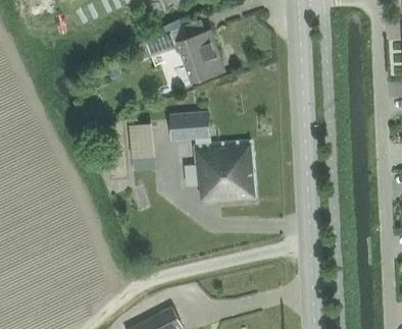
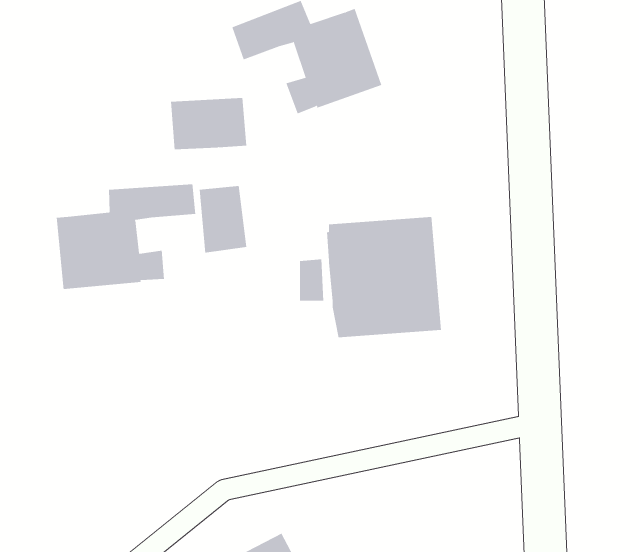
building: [170,111,211,139] -> [170,98,247,150]
building: none -> [56,183,196,290]

